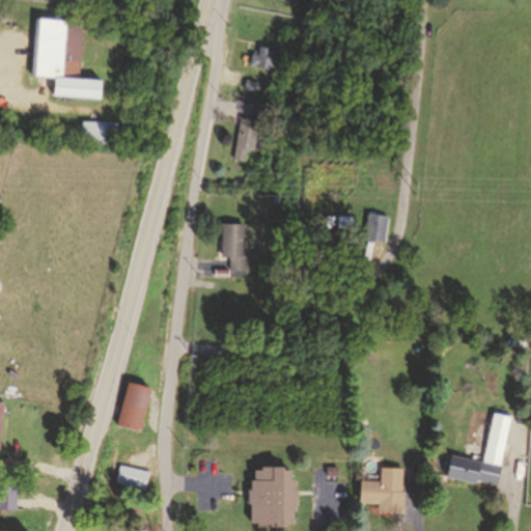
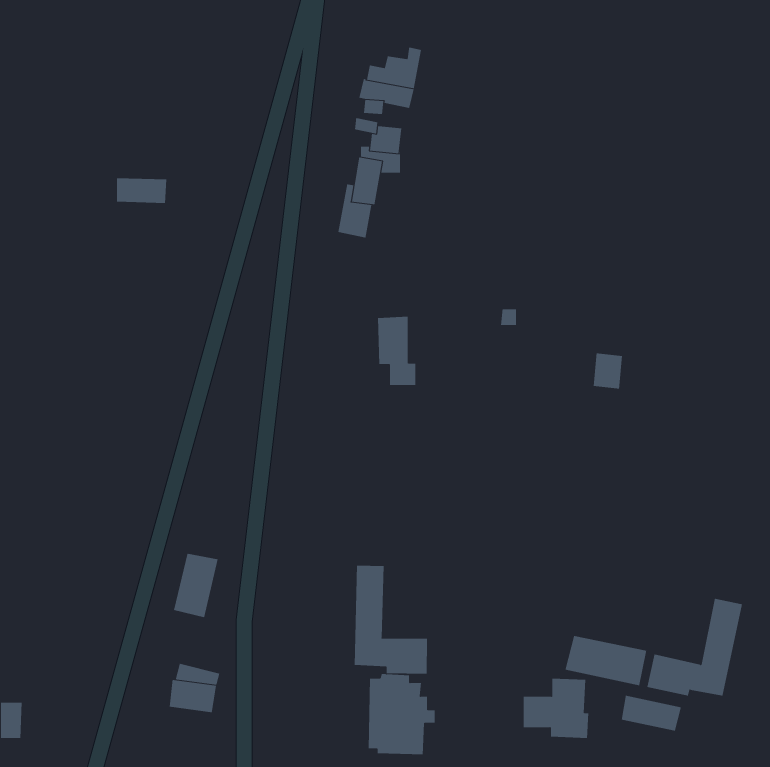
building: [30,26,101,106] -> none
building: [365,213,386,237] -> [593,353,623,389]
building: [226,217,253,264] -> [377,316,416,386]
building: none -> [354,565,427,675]
building: none -> [565,635,647,686]
building: none -> [621,695,681,731]

